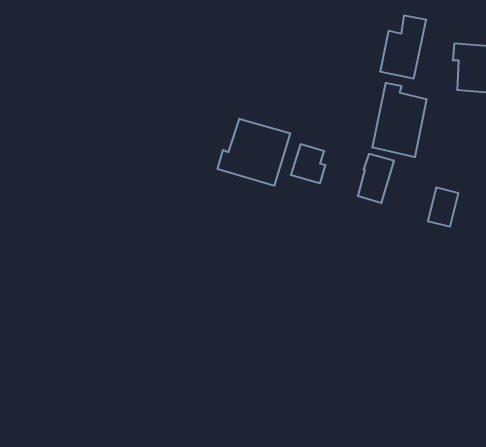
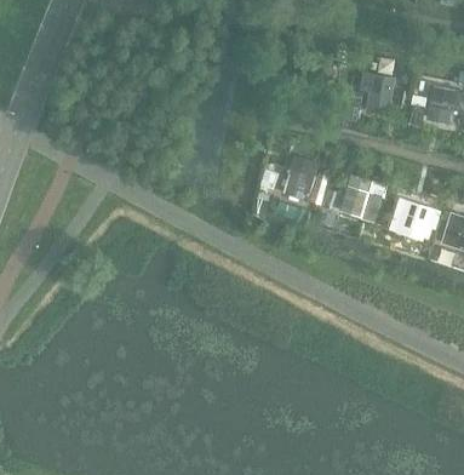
building: [372,83,426,157] -> none
building: [218,119,290,186] -> none

